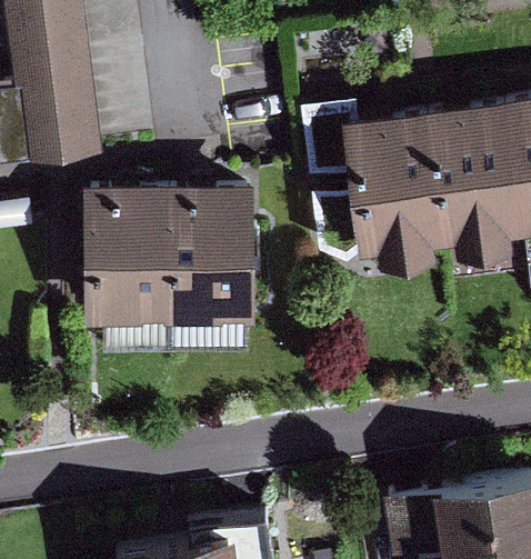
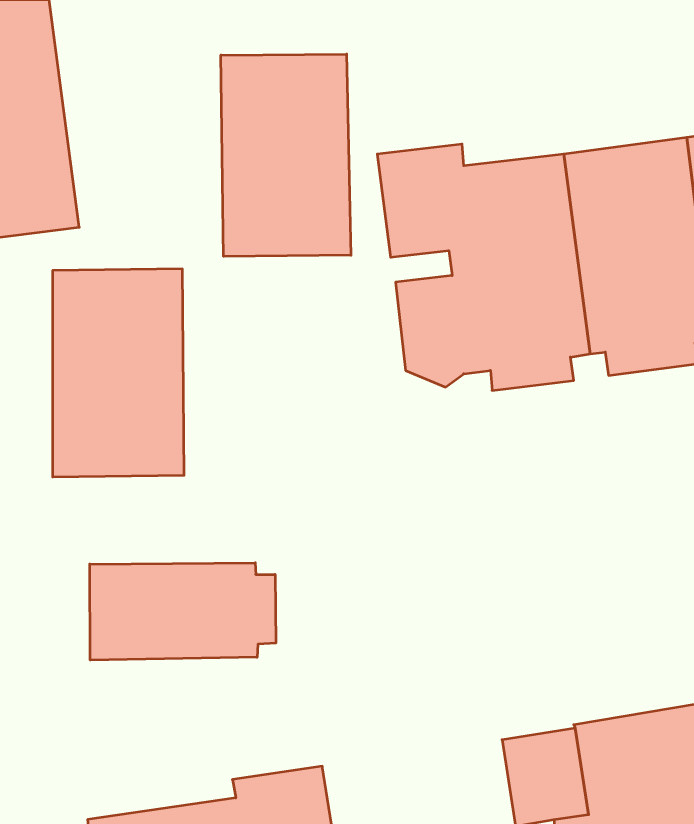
building: none -> [221,54,351,256]
building: [171,186,254,325] -> none
building: none -> [90,563,276,660]

